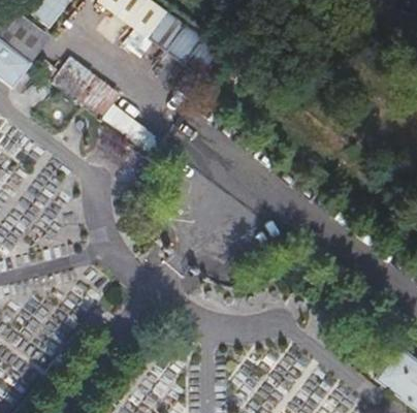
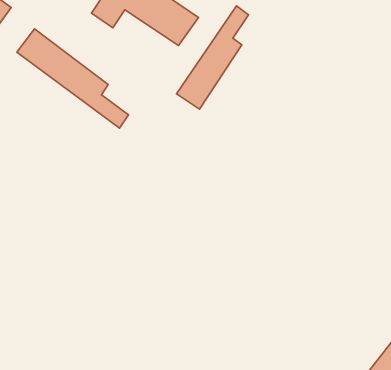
building: none -> [176,6,248,109]

